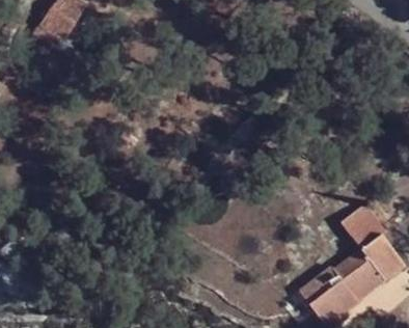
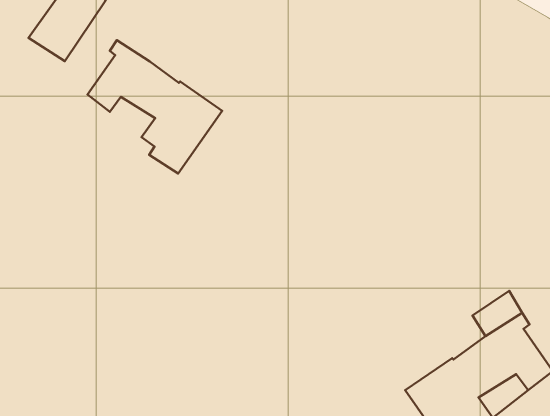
building: none -> [88,40,222,173]

